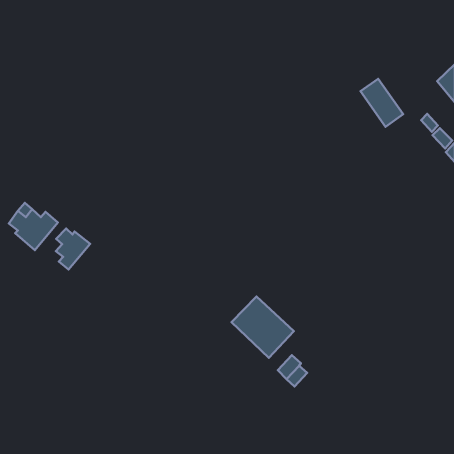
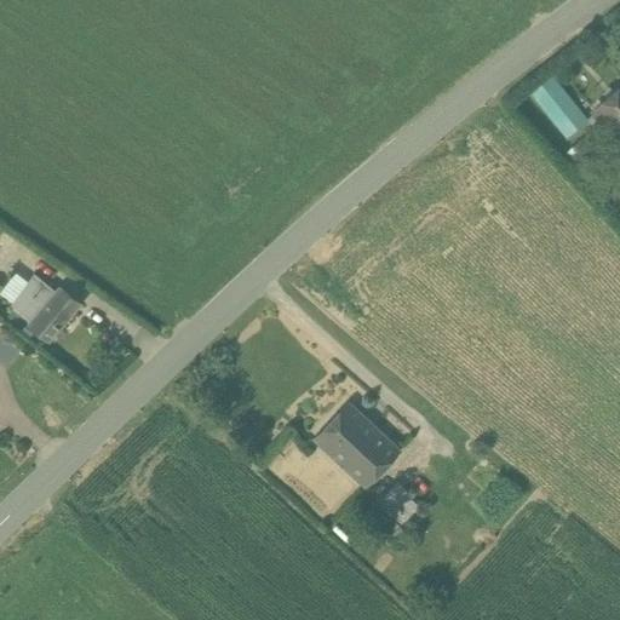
building: [360,79,403,127] -> [533,75,591,140]
building: [56,229,90,270] -> none

